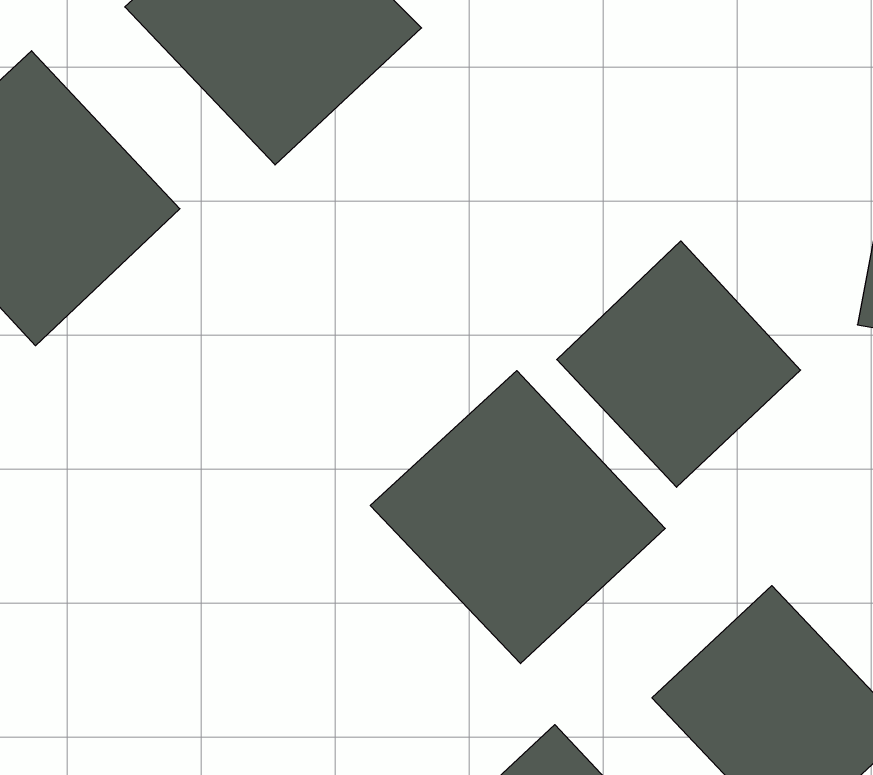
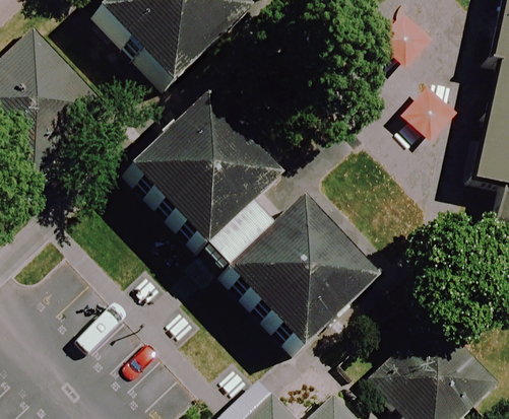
building: none -> [119,89,277,246]
building: [557,241,801,487] -> none

